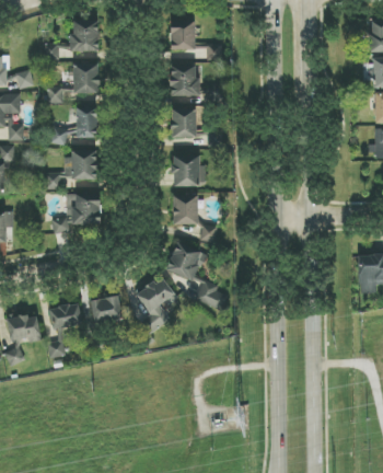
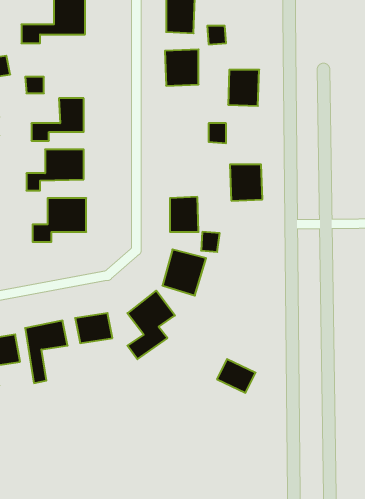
building: [72,64,98,94] -> none
building: [170,106,197,138] -> [228,70,259,106]
building: [171,155,199,187] -> [230,164,262,201]
building: [195,281,229,311] -> [217,359,256,393]

